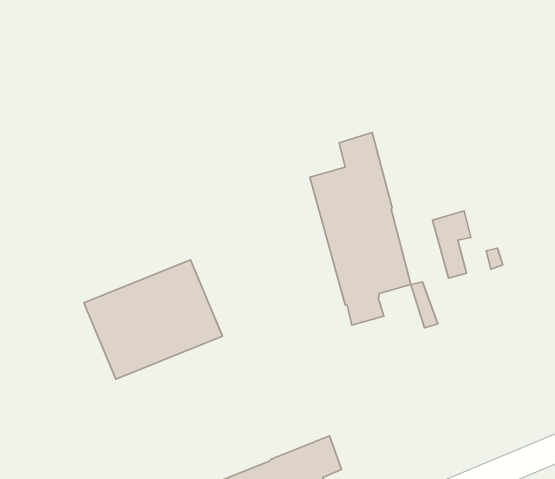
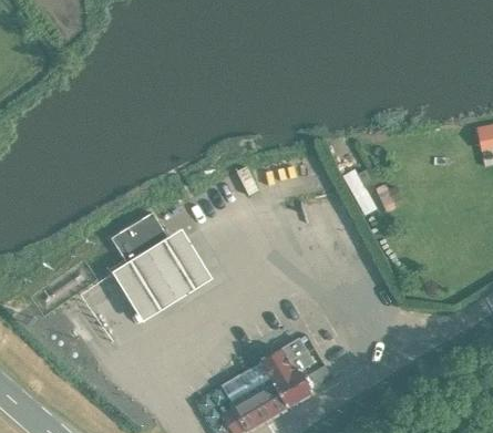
building: [310,133,411,325] -> none
building: none -> [111,213,175,265]

